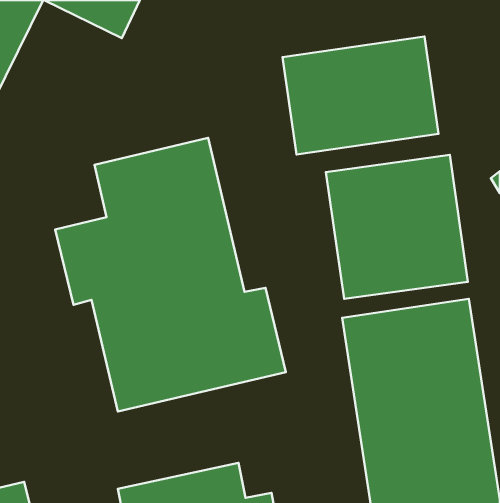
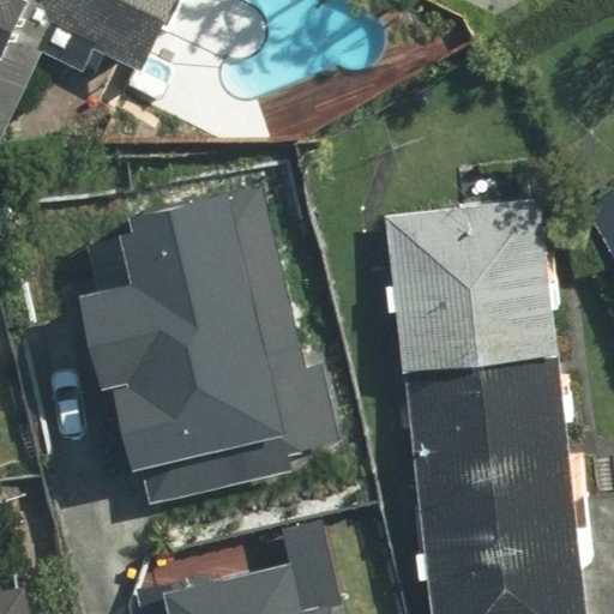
building: [283,37,438,154] -> none

